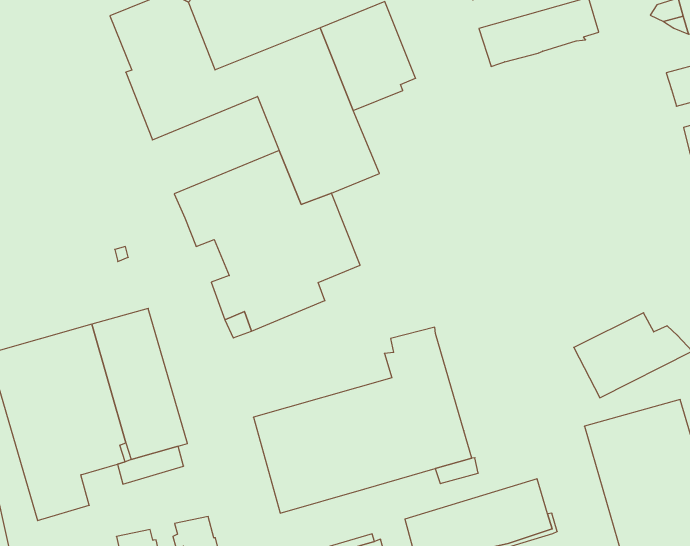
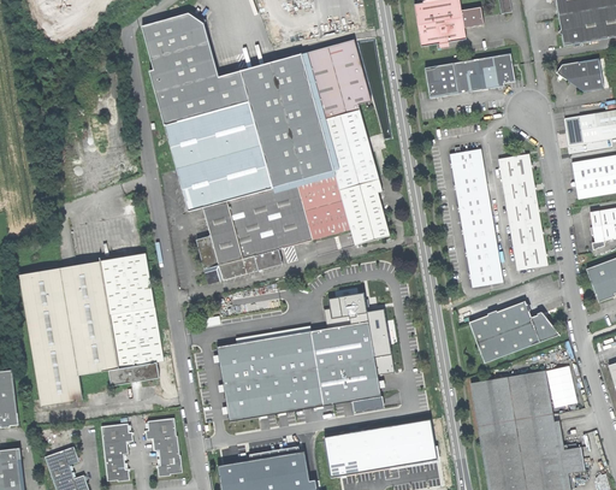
building: none -> [296,108,389,244]
building: none -> [164,100,260,167]
building: none -> [497,153,547,270]
building: none -> [450,148,502,287]
building: none -> [366,308,393,374]

